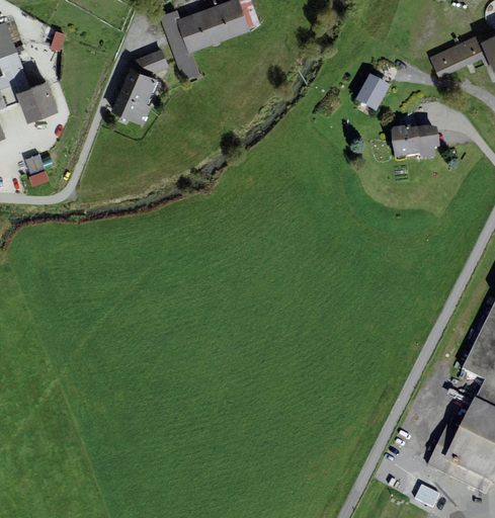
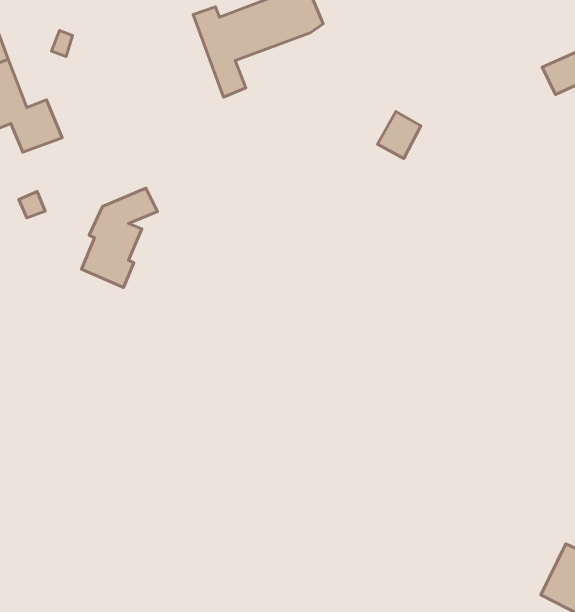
building: [111,48,170,124] -> [81,188,158,288]
building: [356,77,390,113] -> [377,111,421,159]
building: [392,127,440,162] -> none

